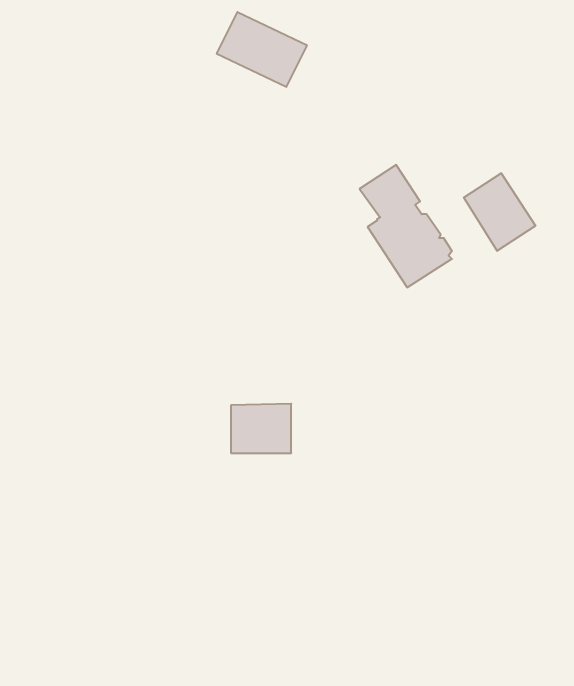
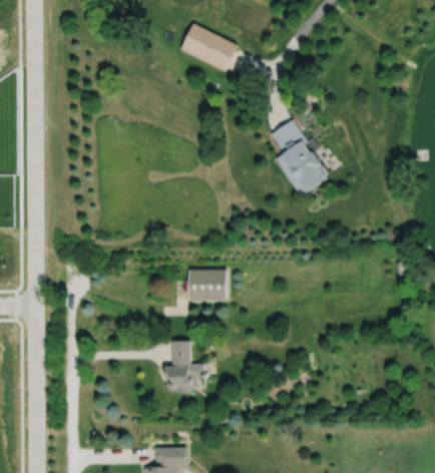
building: [464,173,535,251] -> none
building: none -> [165,342,206,395]

